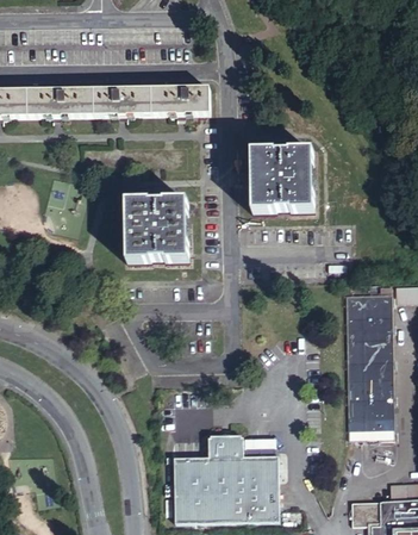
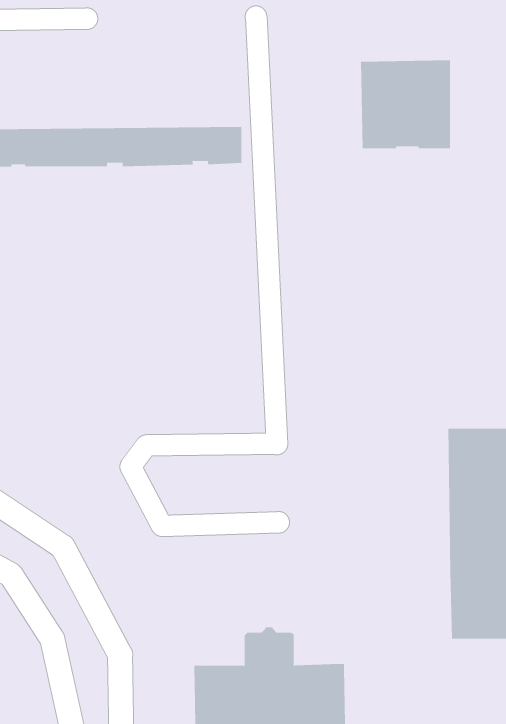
building: [249,150,311,211] -> [360,60,451,149]
building: [124,200,186,261] -> none

